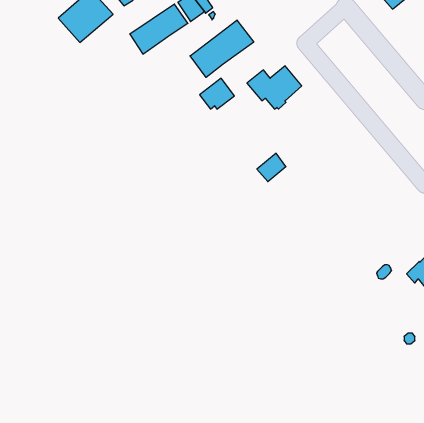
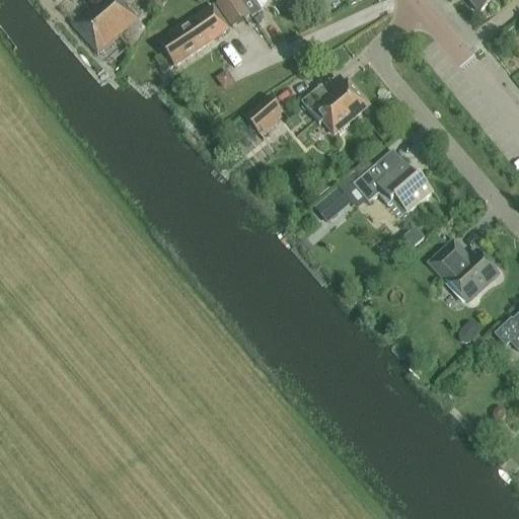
building: [190,20,254,77] -> none
building: none -> [338,148,434,212]
building: none -> [432,241,499,301]

